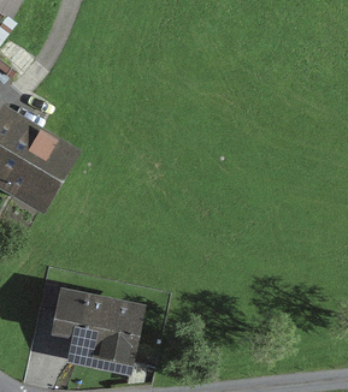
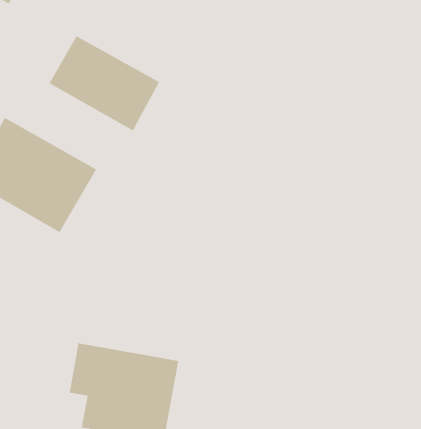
building: none -> [49,35,160,131]

